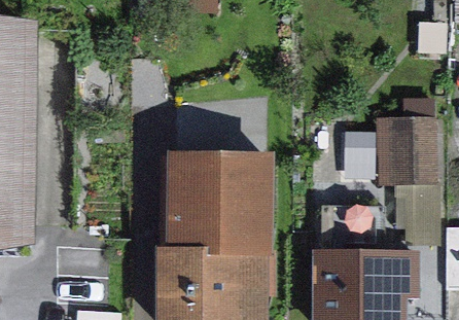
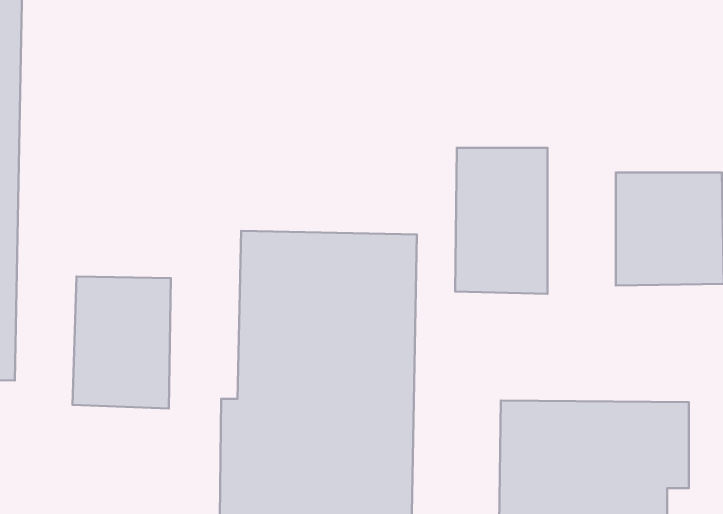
building: none -> [455,148,547,294]
building: none -> [73,276,171,409]

